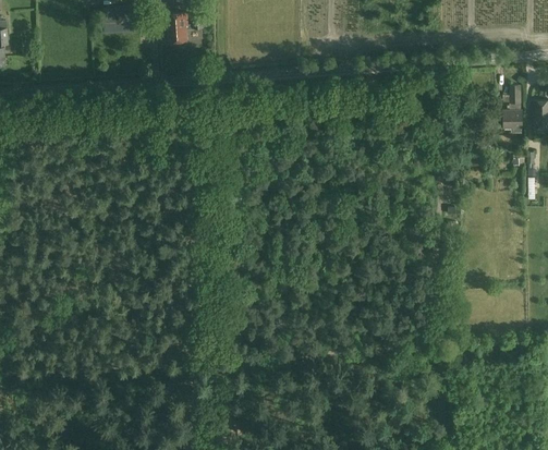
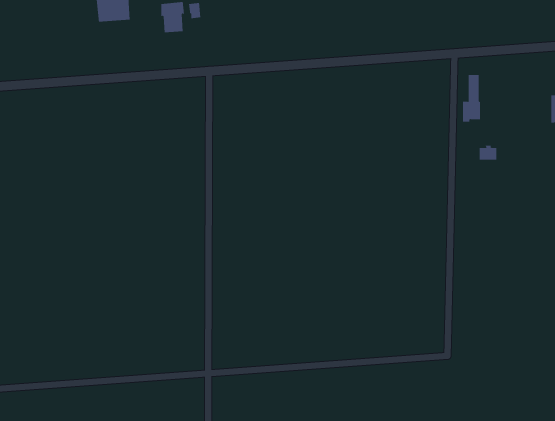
building: [503,86,521,131] -> [462,75,481,122]

